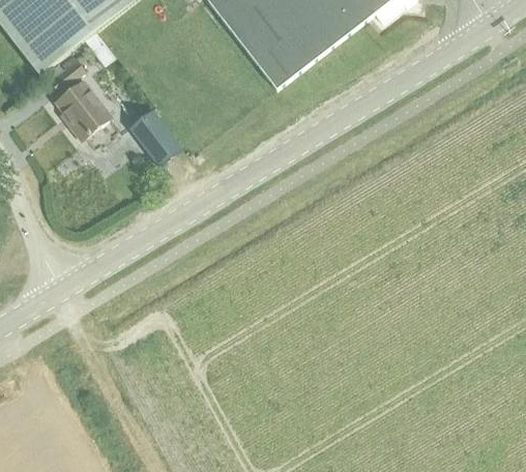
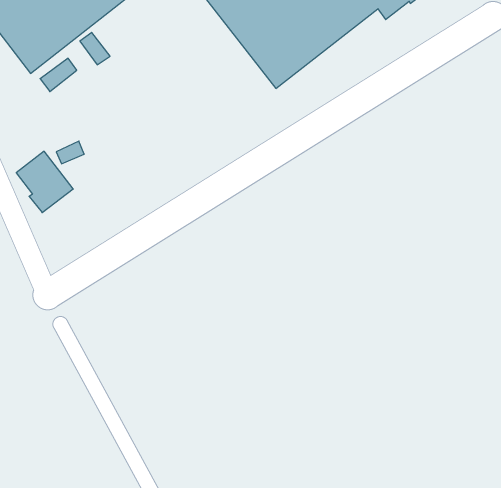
building: [56,79,111,138] -> [16,151,73,213]
building: [128,107,182,165] -> none

